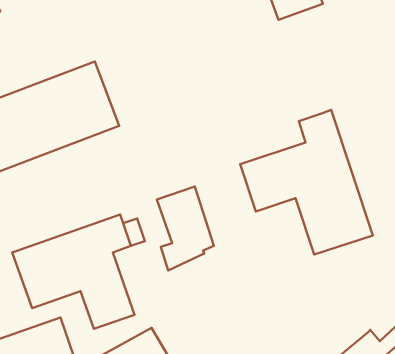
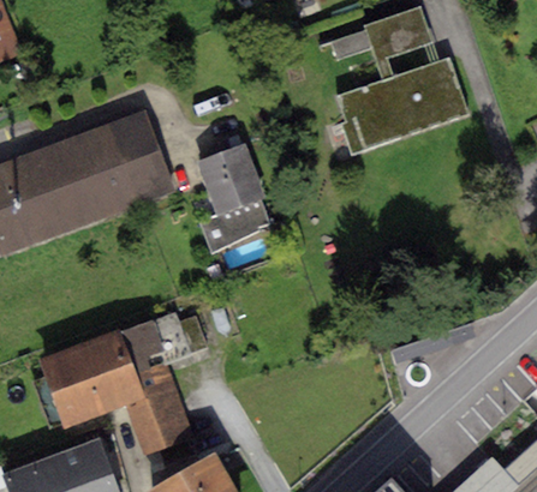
building: none -> [333,56,467,150]
building: [240,110,373,255] -> none
building: [157,186,214,270] -> [196,144,268,251]

